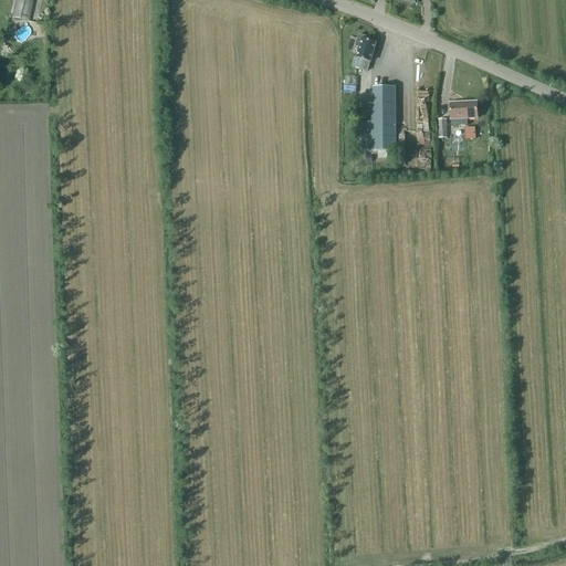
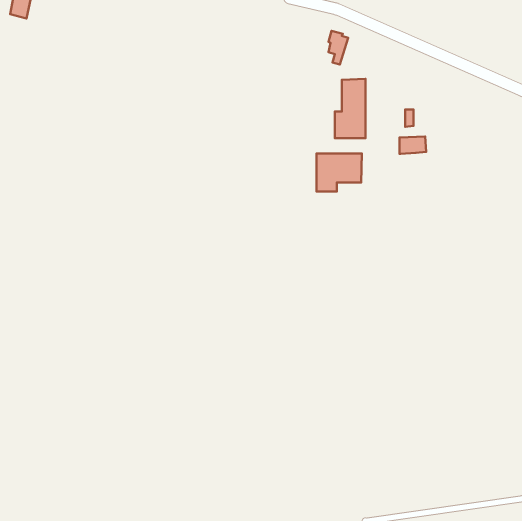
building: [450,99,479,118] -> [400,137,426,154]
building: none -> [316,153,362,191]

